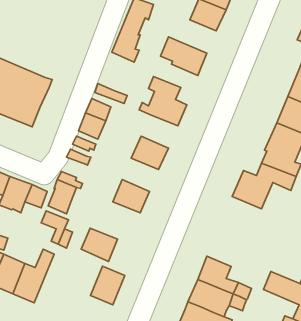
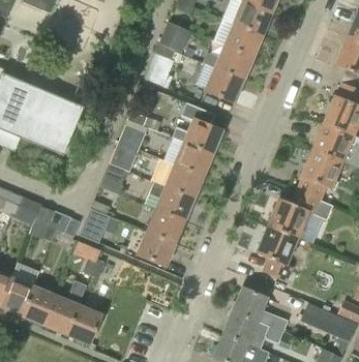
building: none -> [203,46,251,80]
building: none -> [175,143,212,177]
building: none -> [155,187,192,221]
building: none -> [257,227,298,283]
building: [81,228,117,261] -> [137,232,174,266]
building: [90,266,125,305] -> [65,305,100,344]

